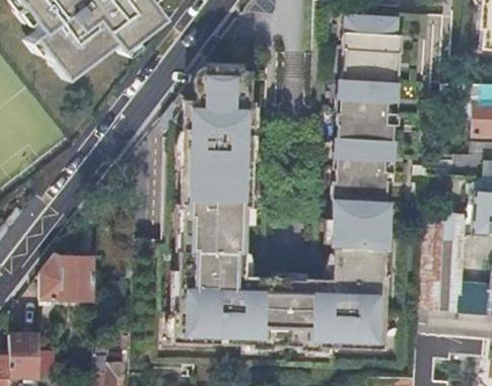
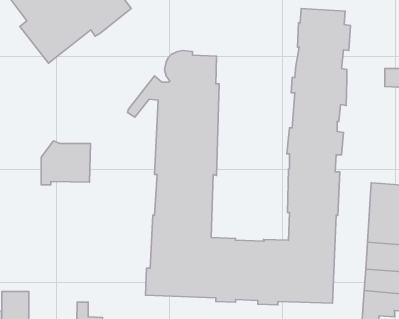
building: [43,255,98,305] -> [41,141,90,185]

